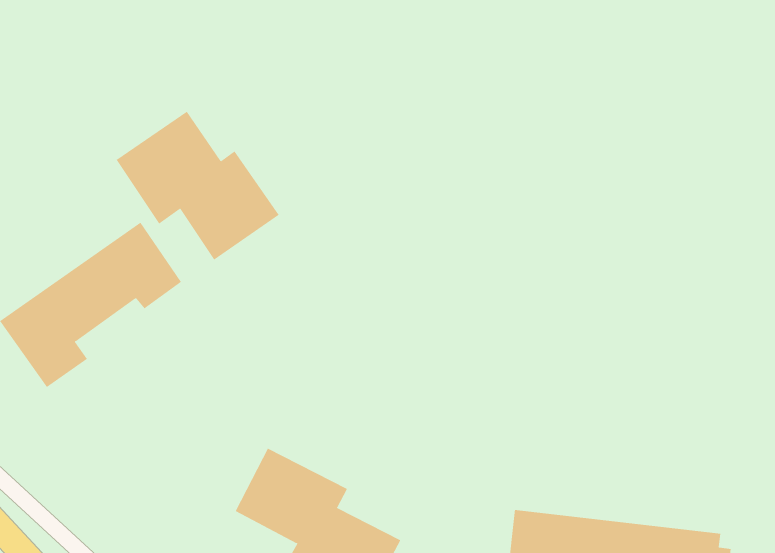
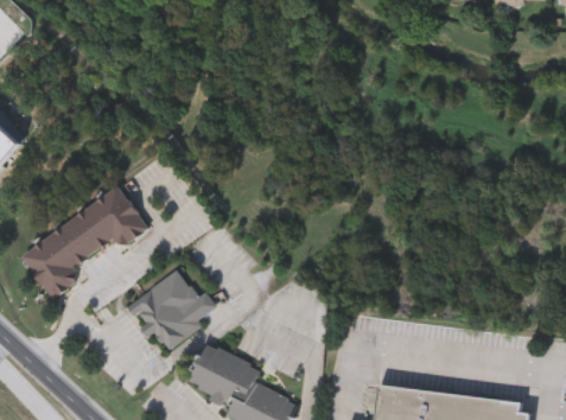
building: [116,111,279,261] -> none
building: none -> [126,272,220,350]

